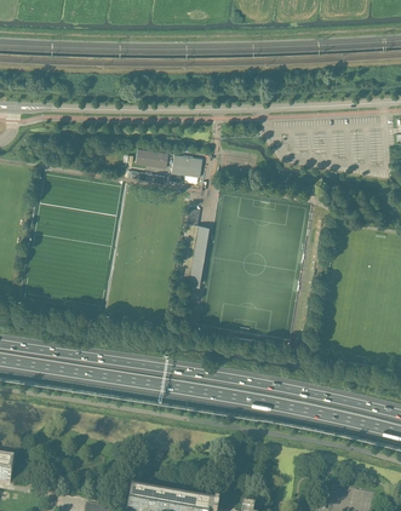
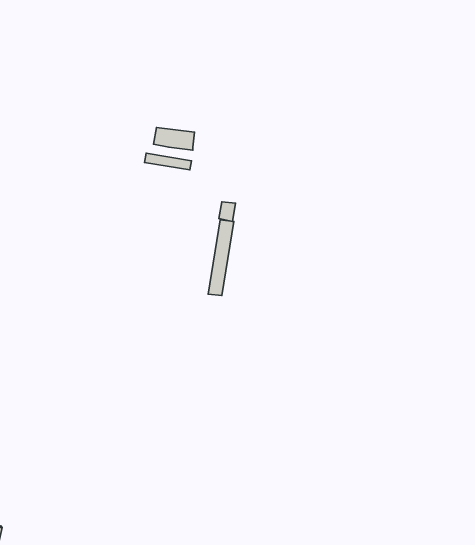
building: [170,154,204,182] -> none

